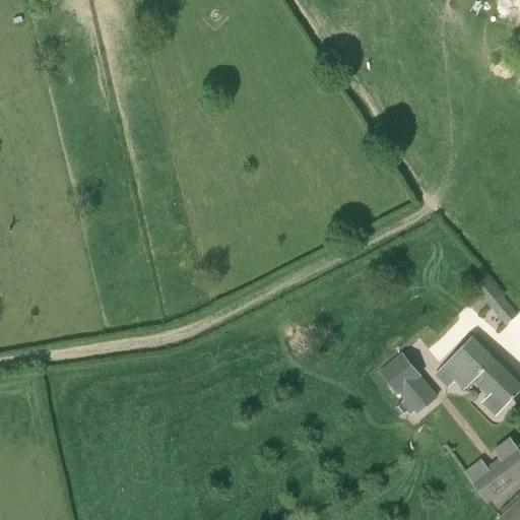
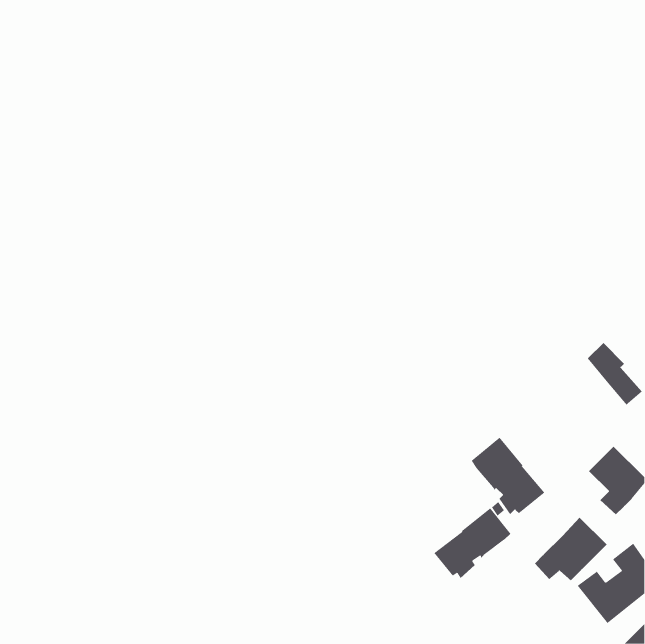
building: [435,336,494,388] -> [534,517,607,581]
building: none -> [434,508,511,579]

